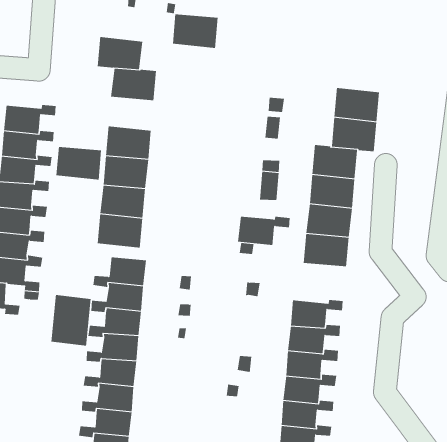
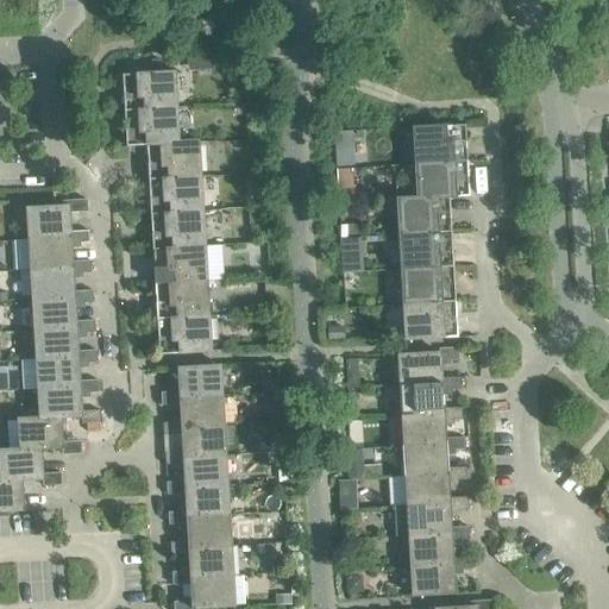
building: [172,14,219,49] -> [123,70,177,109]
building: [56,147,102,180] -> [149,175,203,213]
building: [237,216,290,245] -> [398,346,459,384]
building: [51,294,91,346] -> none

